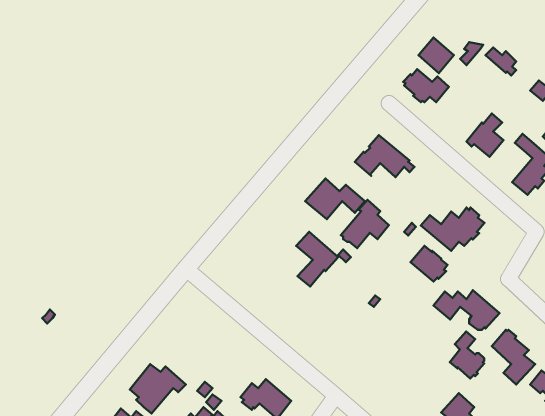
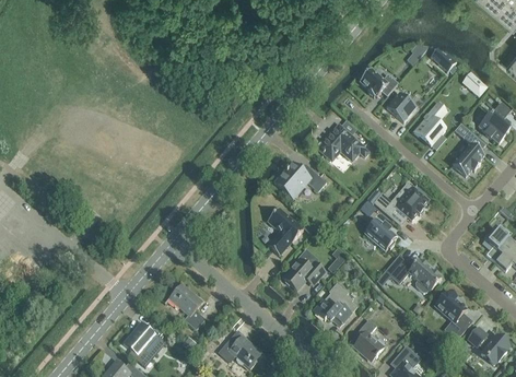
building: [418,37,454,73] -> [386,91,417,121]
building: [341,200,389,248] -> [283,247,325,288]
building: none -> [168,282,206,328]
building: none -> [314,283,356,325]
building: [450,332,484,379] -> [354,318,384,358]

